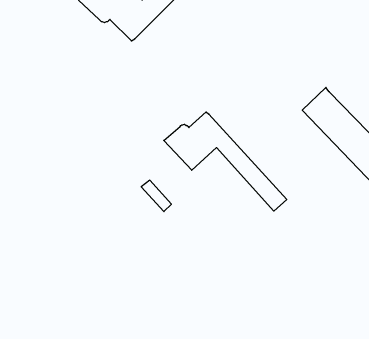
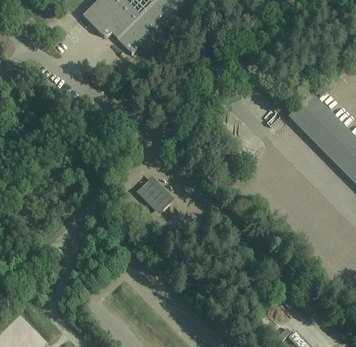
building: [164,112,287,211] -> none

